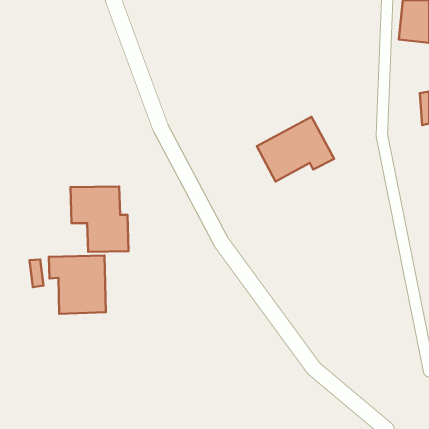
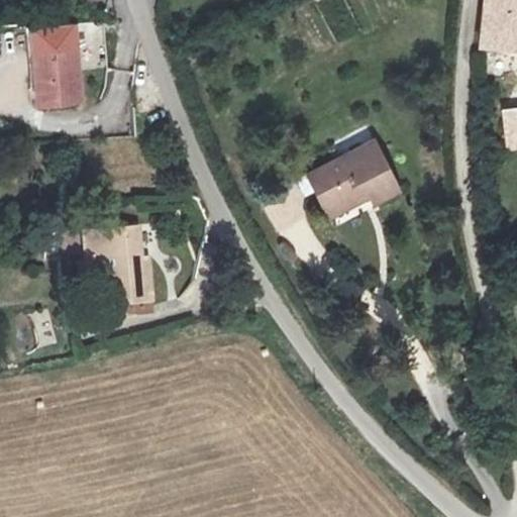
building: none -> [30,26,80,107]
building: [49,255,106,314] -> none

